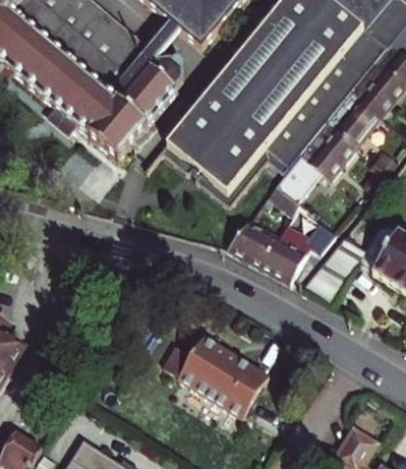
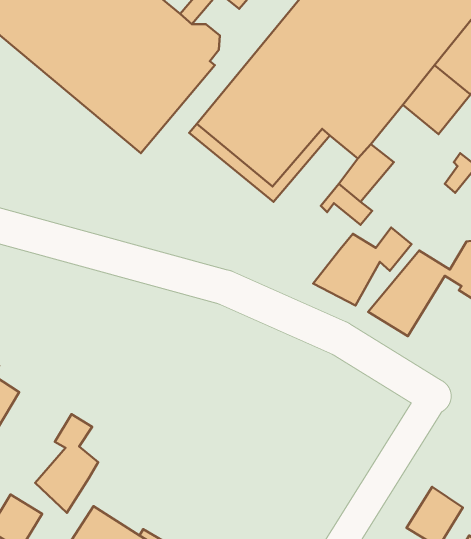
building: [304,121,358,176] -> none
building: [228,221,280,263] -> none
building: [178,336,268,417] -> none
building: none -> [35,414,98,513]

